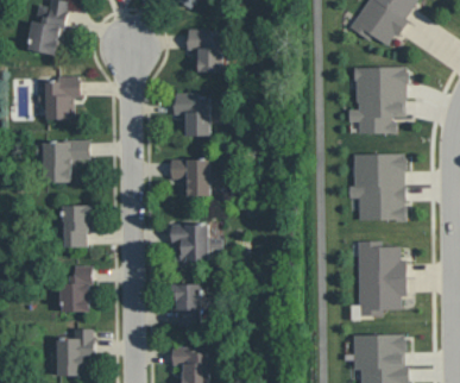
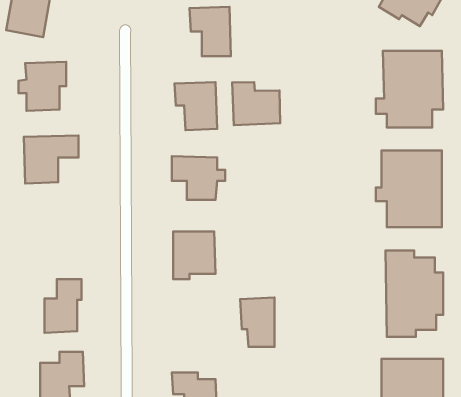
building: none -> [232,82,280,125]
building: [62,205,93,246] -> none
building: [171,283,201,326] -> [240,298,275,347]

